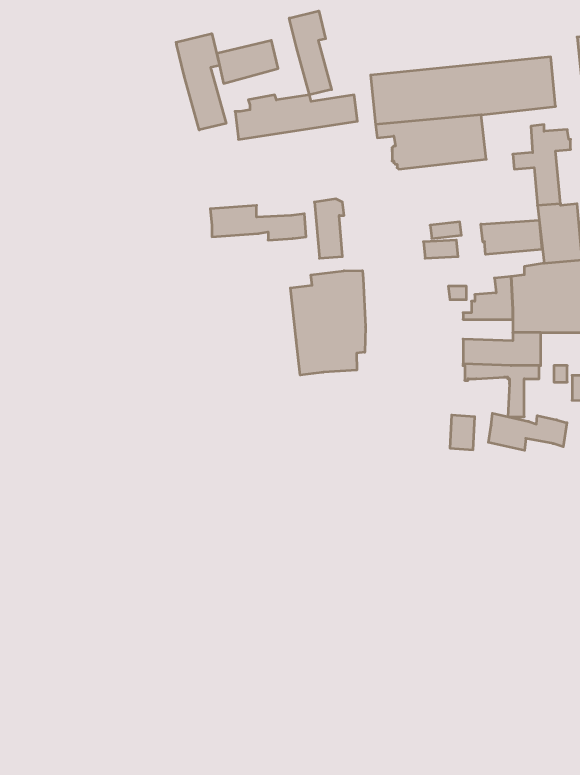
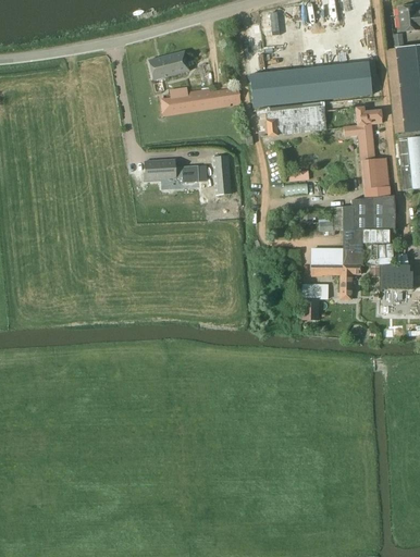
building: [289,11,332,95] -> none
building: [176,34,226,130] -> none
building: [481,220,542,254] -> none
building: [290,271,365,375] -> none
building: [488,413,567,450] -> none

